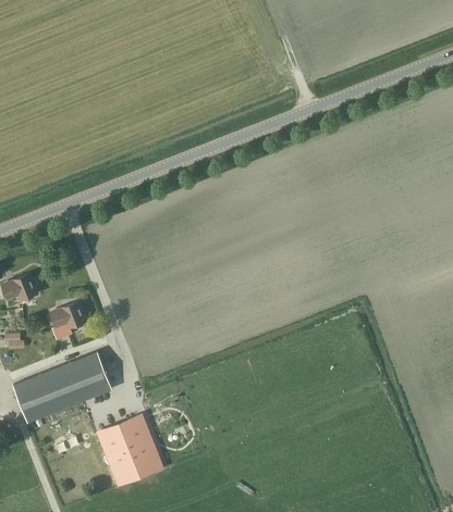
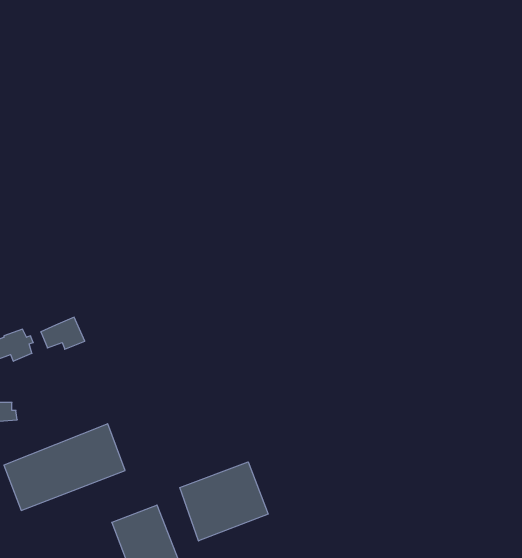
building: [49,302,85,328] -> [41,317,85,349]
building: none -> [180,462,268,541]

